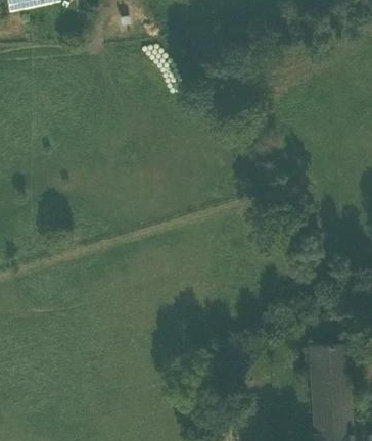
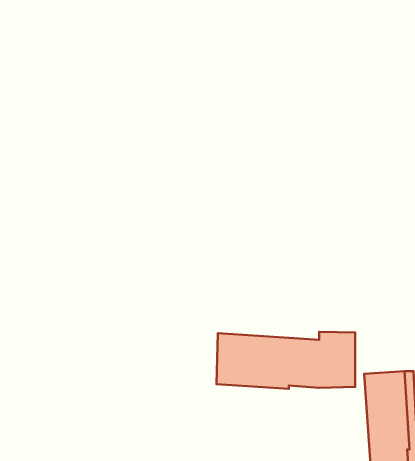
building: none -> [216,332,355,389]

